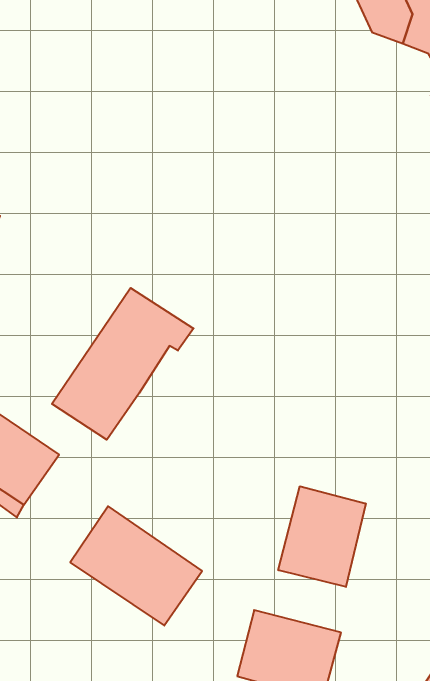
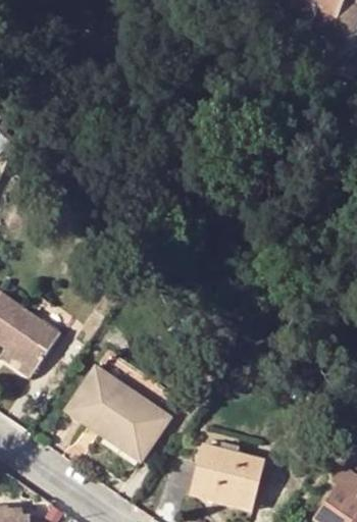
building: [52,288,194,440] -> none
building: [278,486,366,587] -> none

